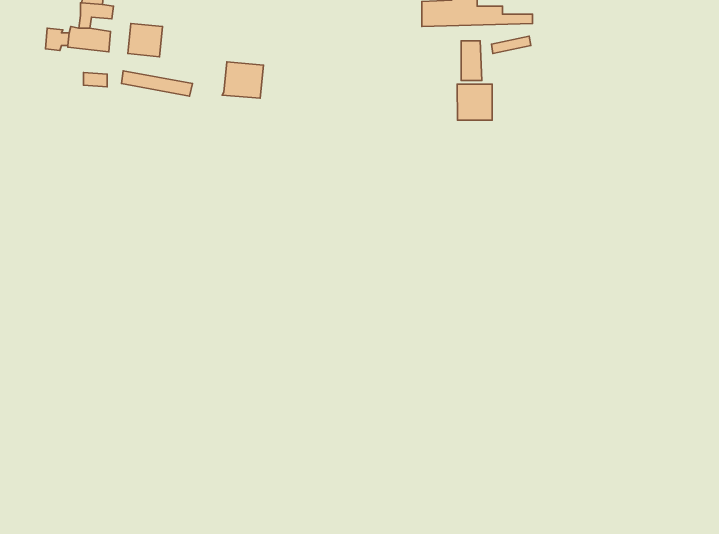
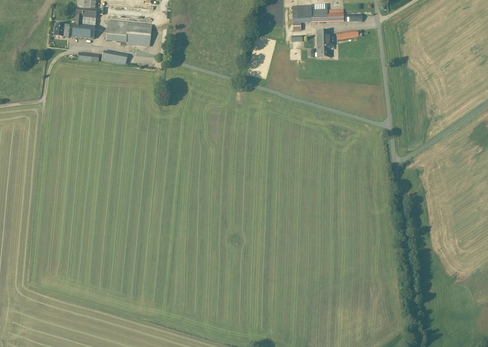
building: [222,62,263,98] -> [125,23,151,46]
building: [457,84,492,120] -> none

